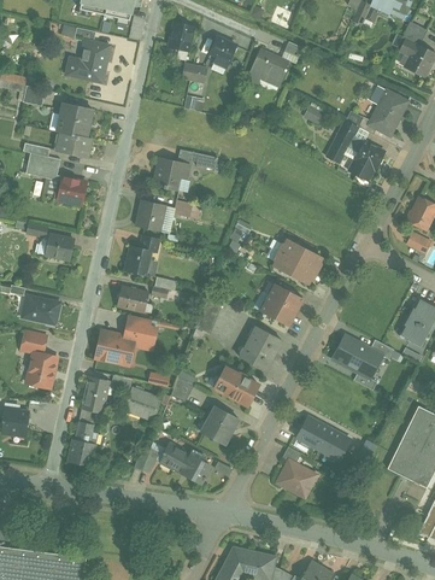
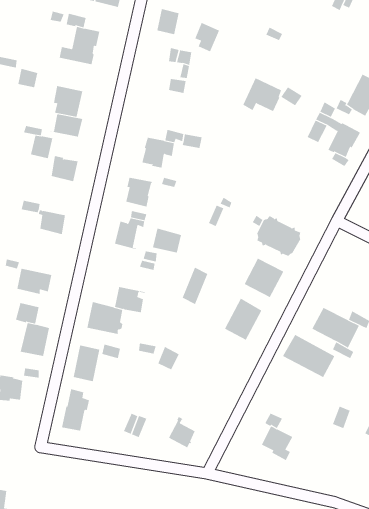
building: [246,48,287,84] -> [243,77,282,112]
building: [117,285,148,311] -> [152,228,182,253]
building: [213,365,258,405] -> none
building: [125,387,161,418] -> none
building: [200,405,237,444] -> none
building: [295,414,351,459] -> [282,334,335,378]
building: [159,443,190,473] -> none

